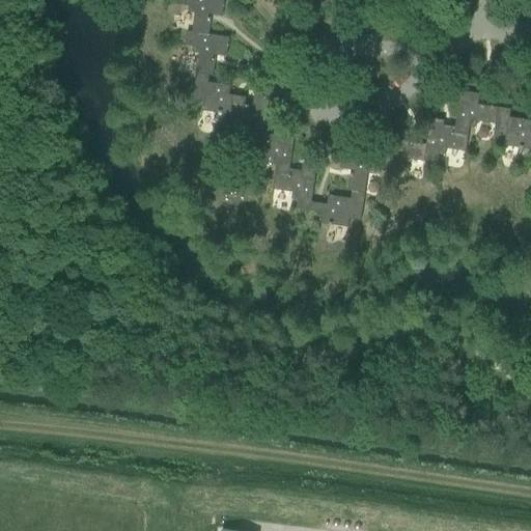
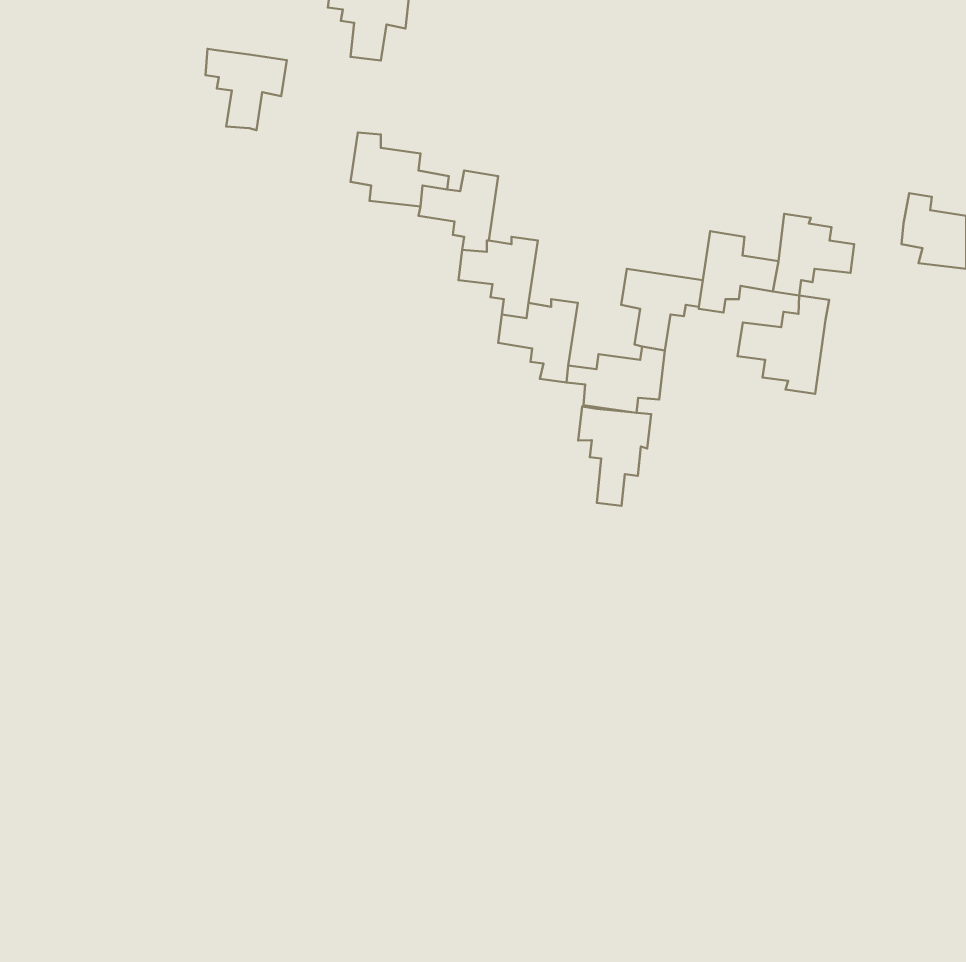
building: [185,30,229,75] -> [205,49,287,130]
building: [454,89,498,134] -> none
building: none -> [738,295,829,394]
building: none -> [578,406,651,506]

